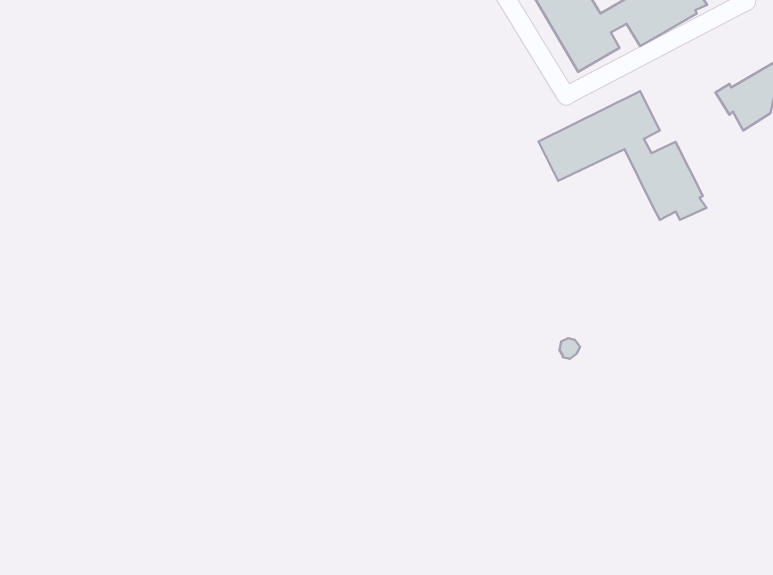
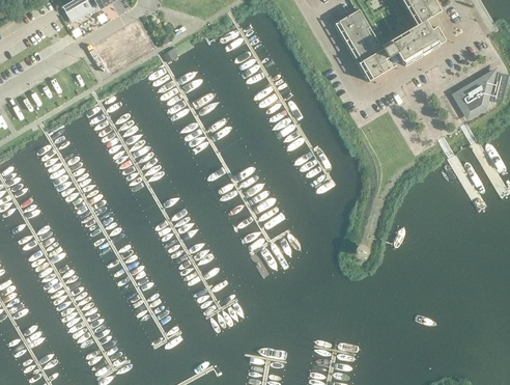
building: [538,91,706,220] -> none

